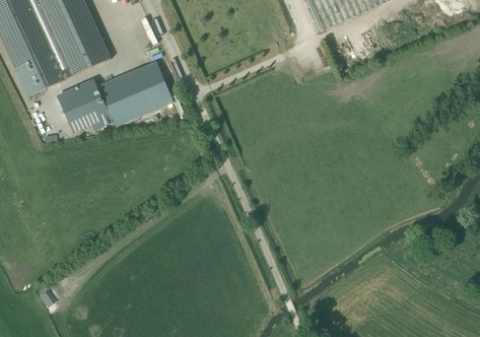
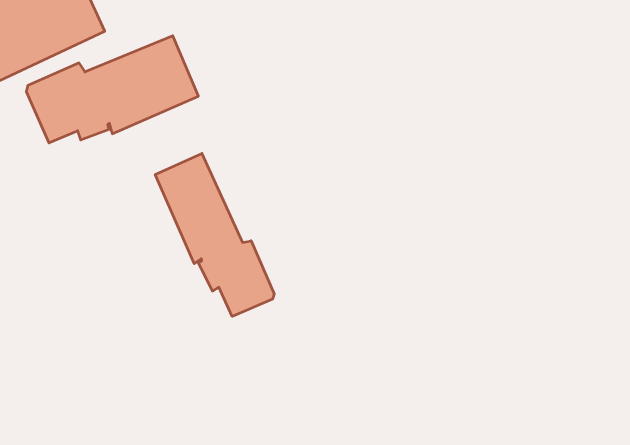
building: none -> [155,153,274,316]

